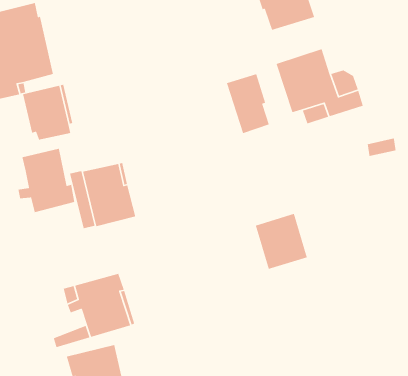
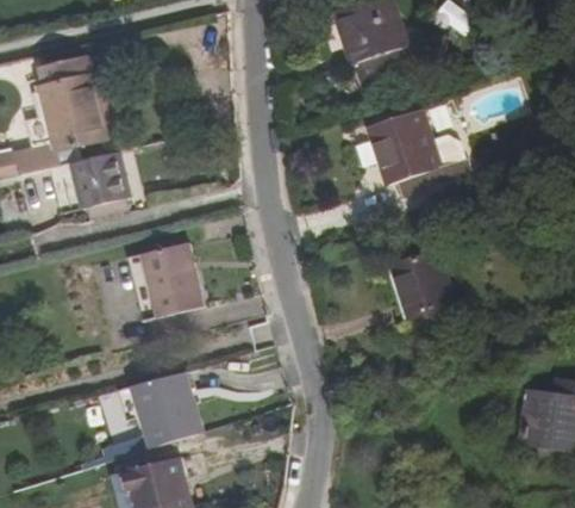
building: [226,73,270,134] -> none
building: [17,148,75,213] -> none
building: [255,213,308,270] -> [390,252,452,318]

